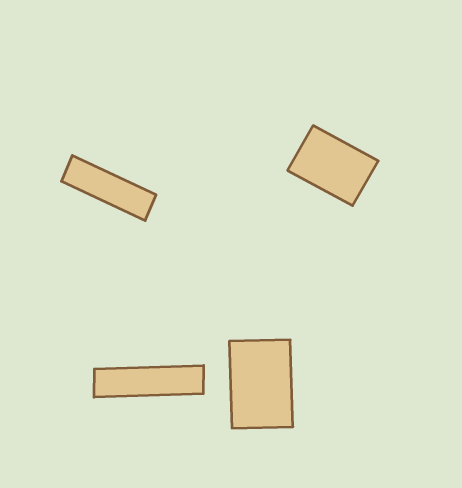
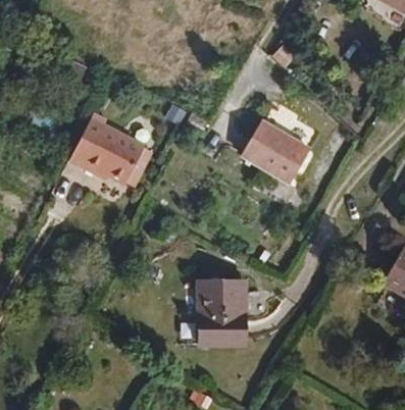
building: none -> [78,112,153,172]
building: [94,365,204,397] -> none

